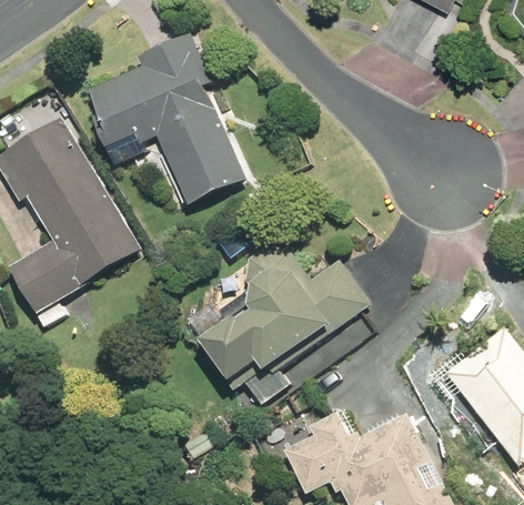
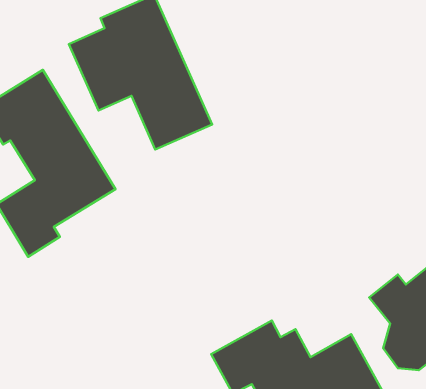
building: [180,248,369,406] -> none

